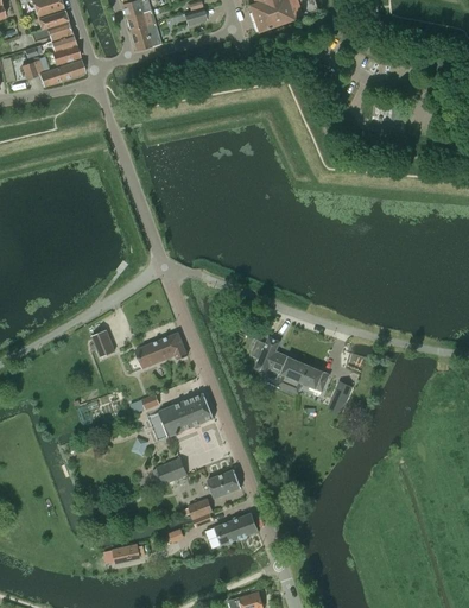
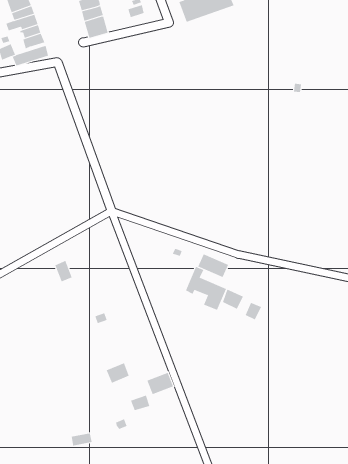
building: none -> [198,253,229,278]
building: [135,331,188,368] -> none
building: [160,392,215,436] -> none
building: [216,513,259,544] -> none

